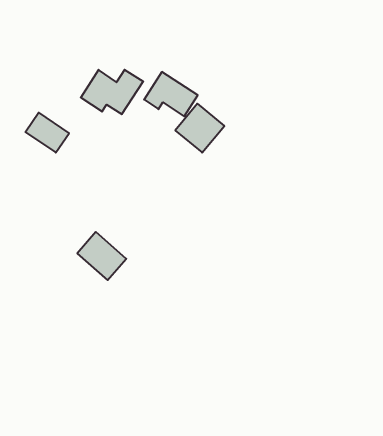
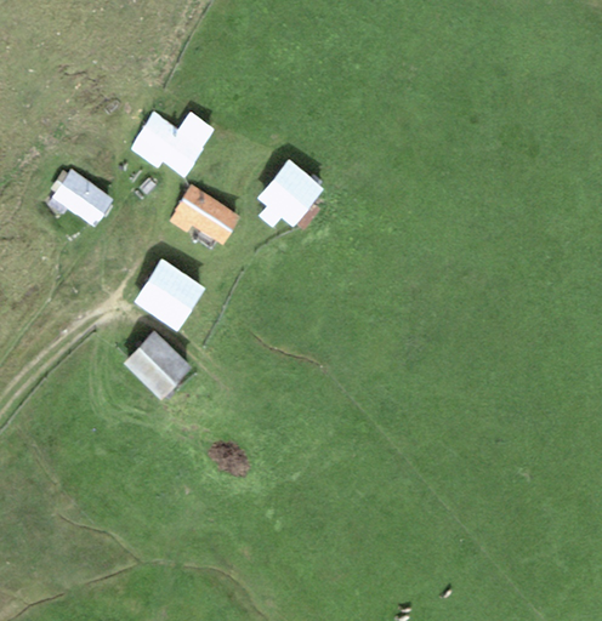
building: [144,72,198,116] -> [165,183,238,244]
building: none -> [136,262,201,327]

